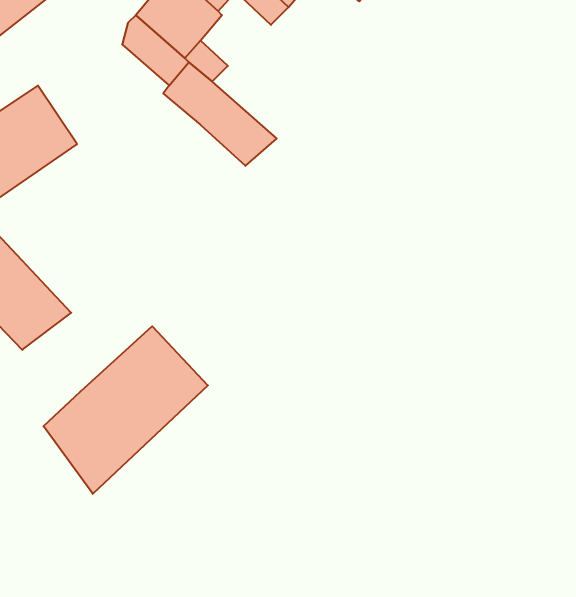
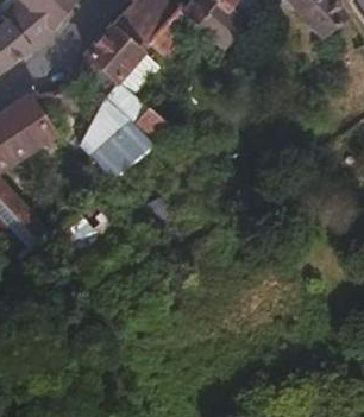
building: none -> [90,119,155,178]
building: [43,326,208,494] -> none

